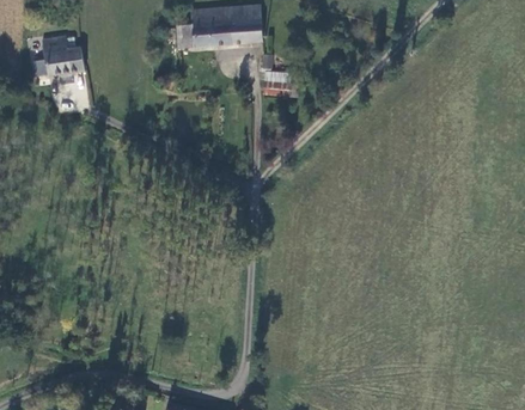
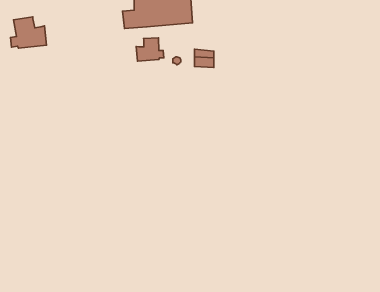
building: none -> [136,38,164,61]

